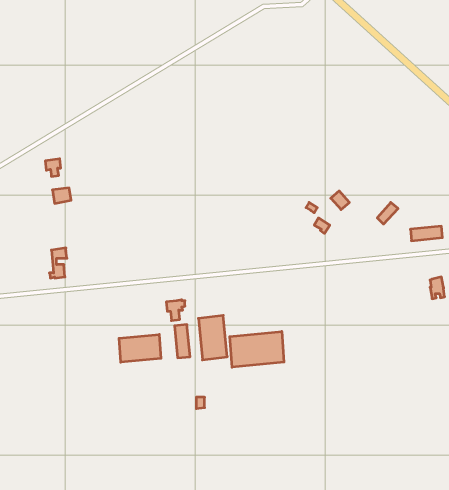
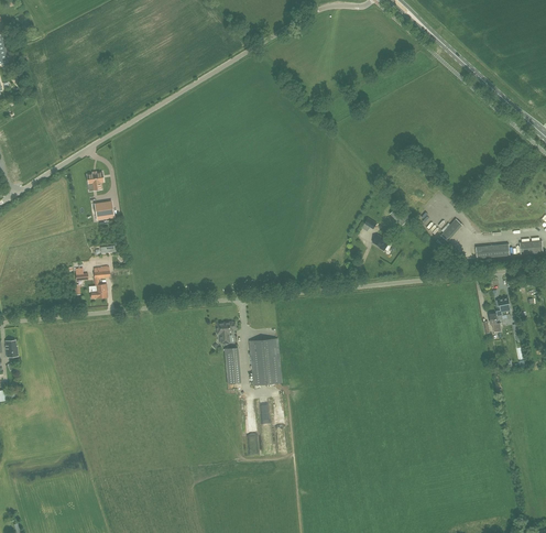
building: [230,331,284,367] -> none
building: [119,334,161,362] -> none

